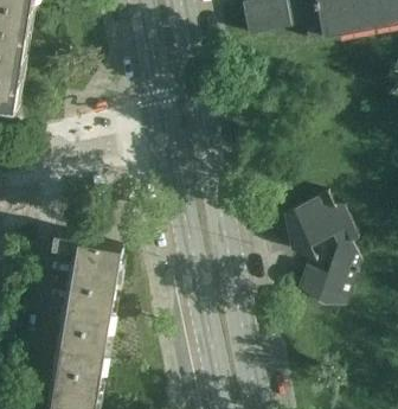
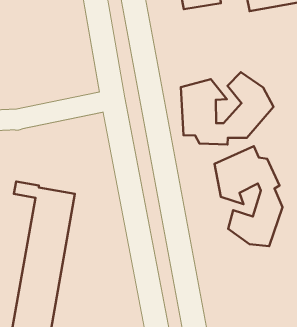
building: none -> [181,72,274,144]

